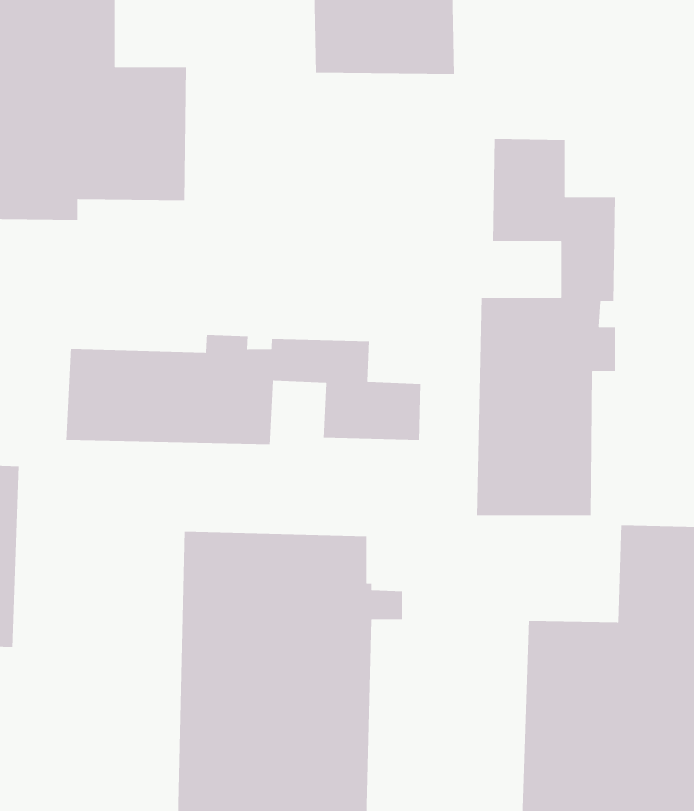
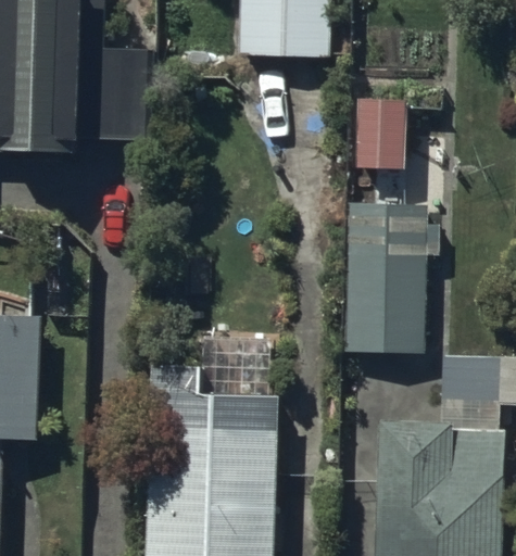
building: [66,334,421,445] -> none

